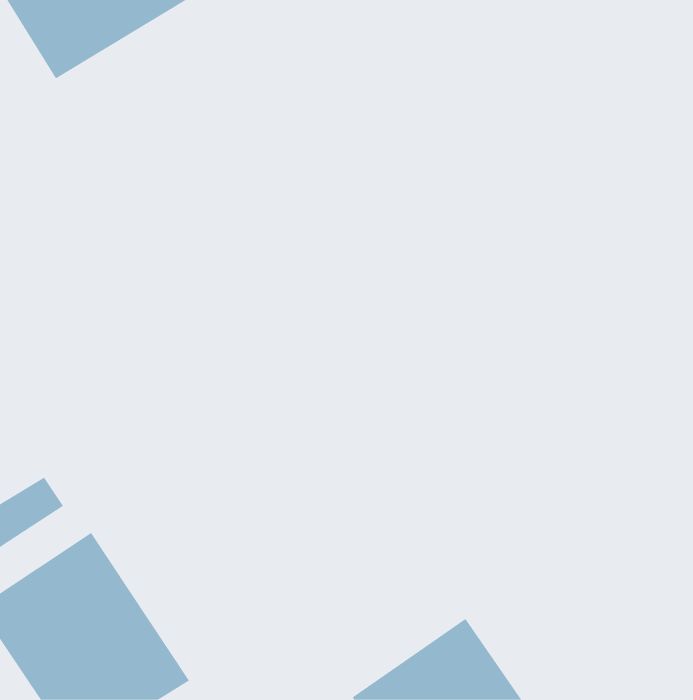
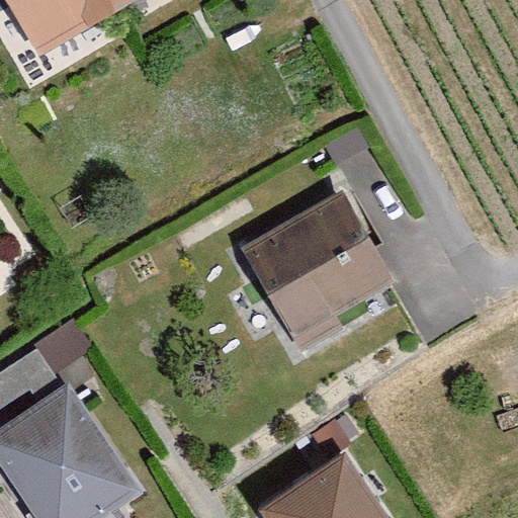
building: none -> [245,193,394,339]

